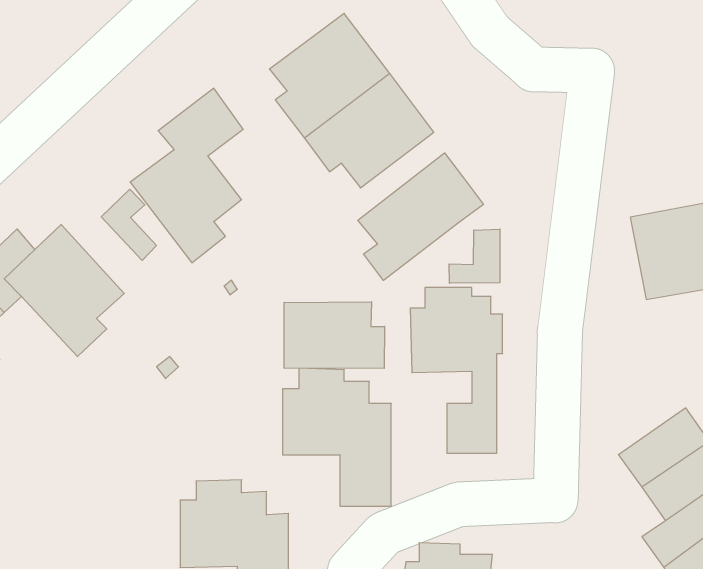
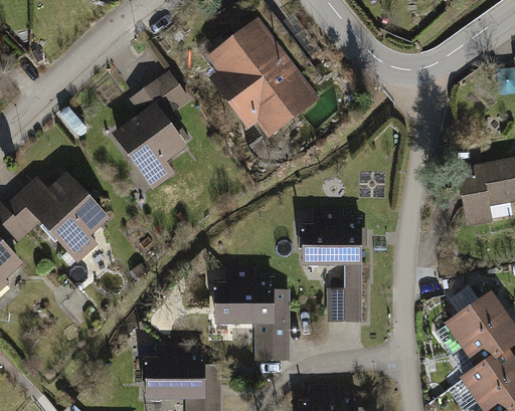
building: [358,153,483,280] -> none
building: [101,189,156,260] -> none
building: [449,229,500,283] -> none
building: [284,302,385,368] -> none

